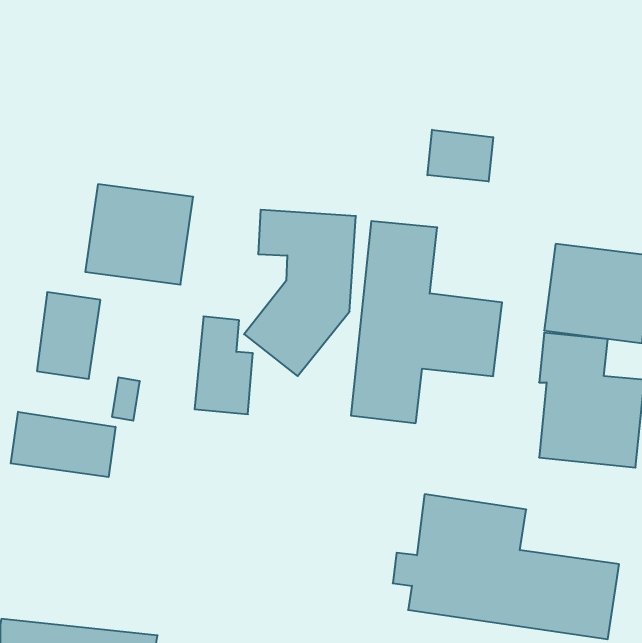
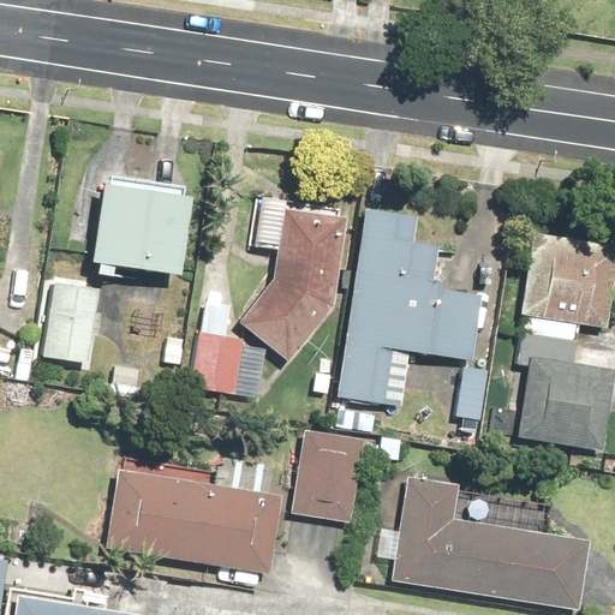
building: [427,130,493,182] -> none
building: [11,412,115,477] -> none
building: none -> [293,432,366,523]
building: none -> [107,455,280,575]

